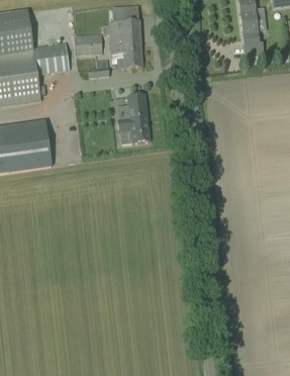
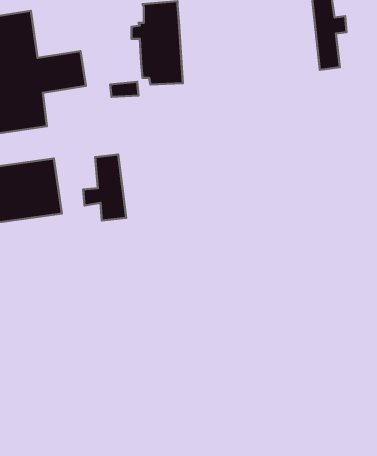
building: [76,32,103,53] -> none
building: [118,92,151,142] -> [83,155,126,220]

